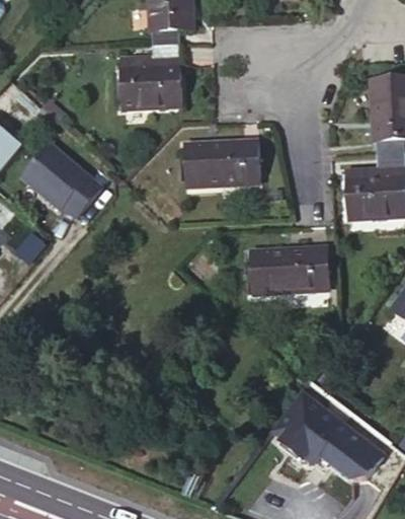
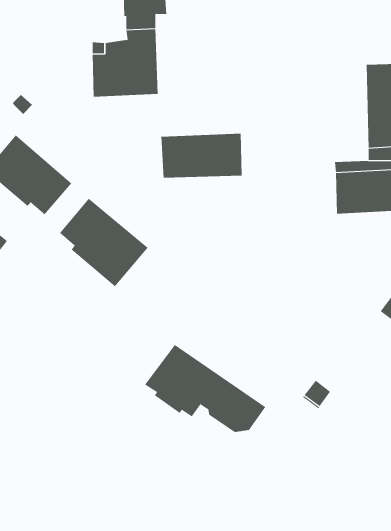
building: none -> [59,198,149,287]
building: [253,246,328,292] -> none
building: [270,395,384,477] -> [144,344,266,432]

